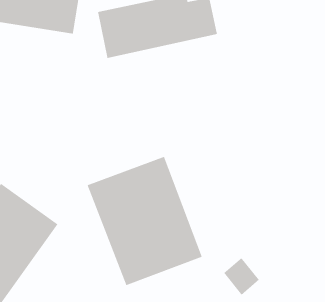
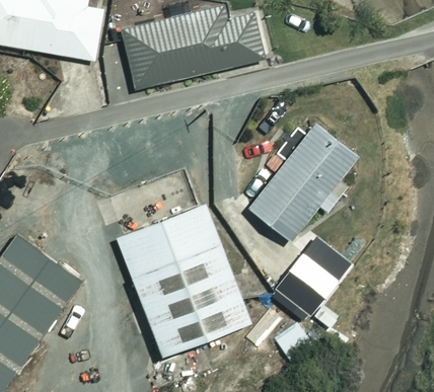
building: none -> [251,124,361,241]
building: none -> [278,254,340,316]

